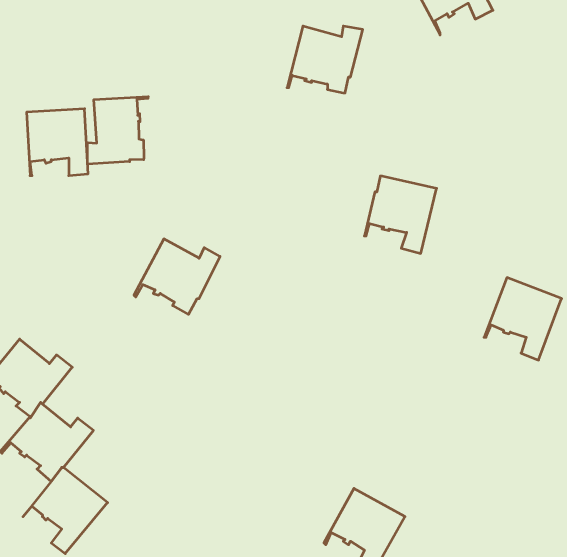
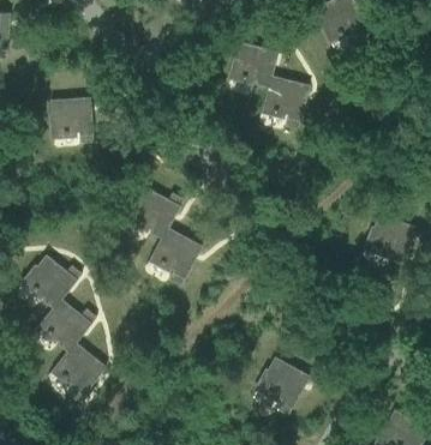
building: [88,97,148,164] -> none
building: [364,176,437,253] -> [258,78,307,131]
building: none -> [144,229,200,287]

